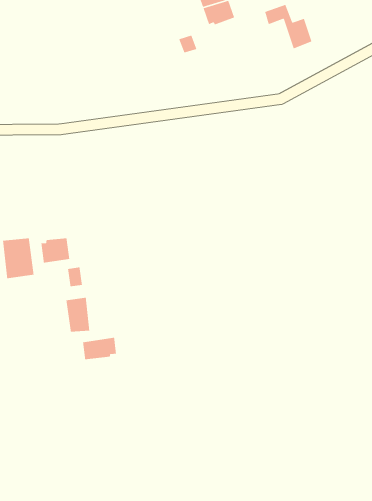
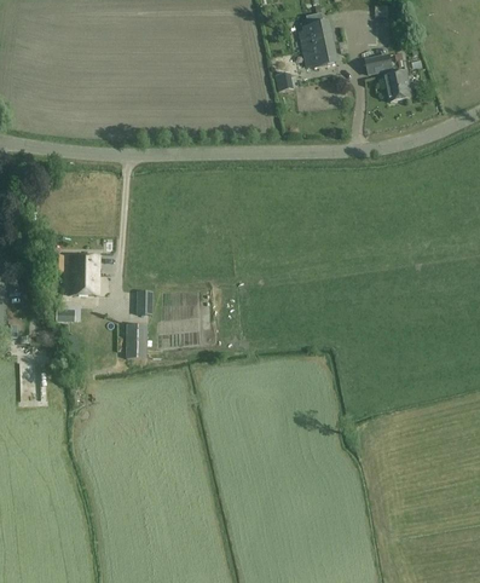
building: [41,237,70,264] -> none
building: [82,337,117,360] -> none

